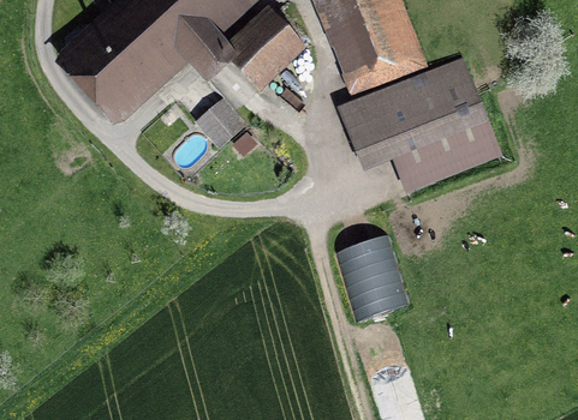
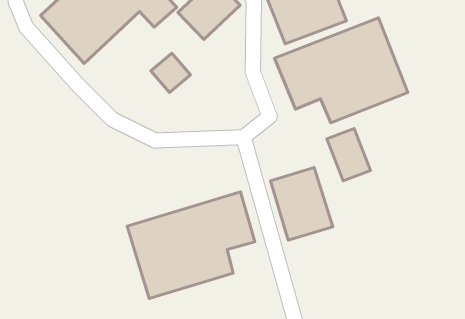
building: none -> [327,129,370,181]
building: none -> [127,192,255,298]

